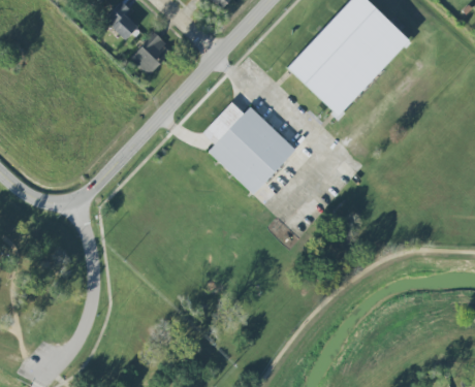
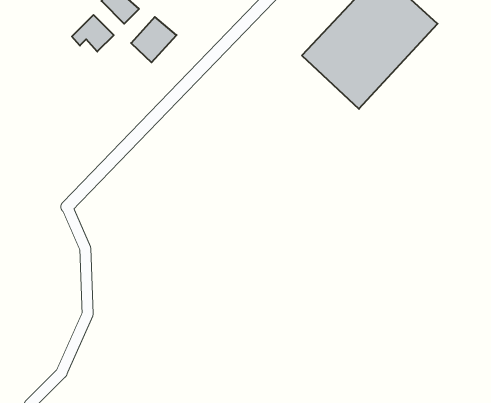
building: none -> [72,15,114,52]
building: [203,102,296,194] -> none

